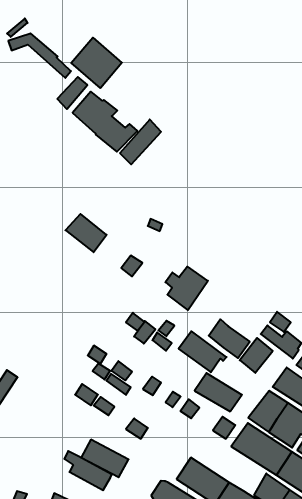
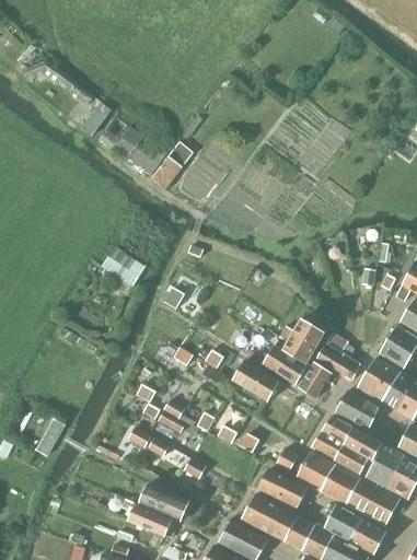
building: [71,38,122,88] -> none
building: [165,267,208,310] -> [279,318,324,364]
building: [195,373,242,411] -> [257,468,308,506]

